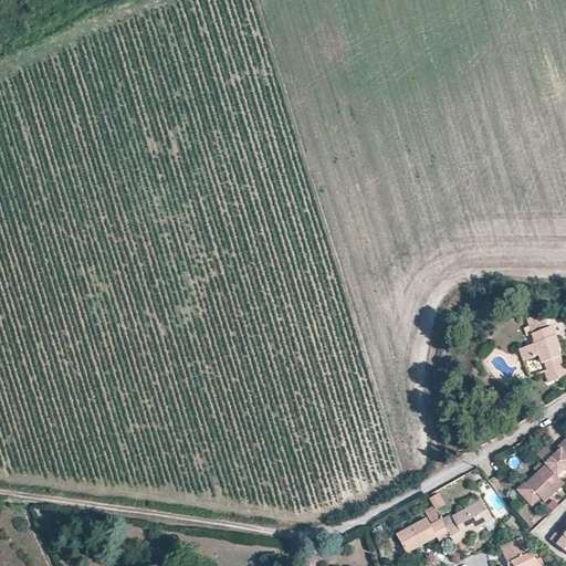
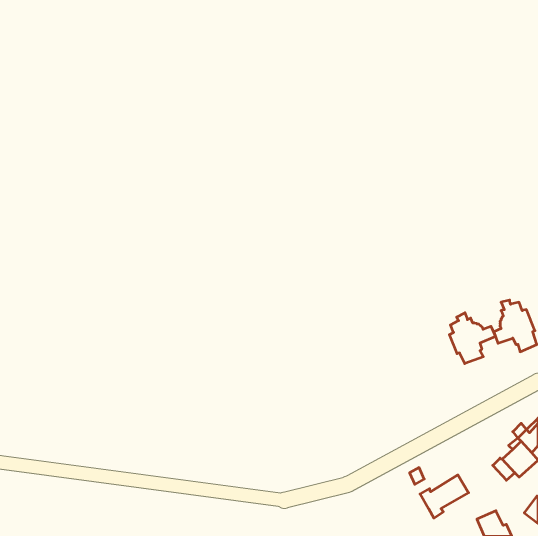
building: none -> [449,313,495,364]
building: [397,517,450,552] -> none

